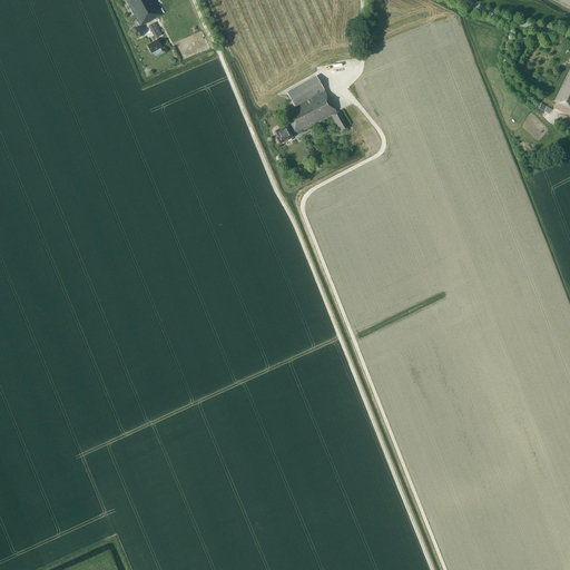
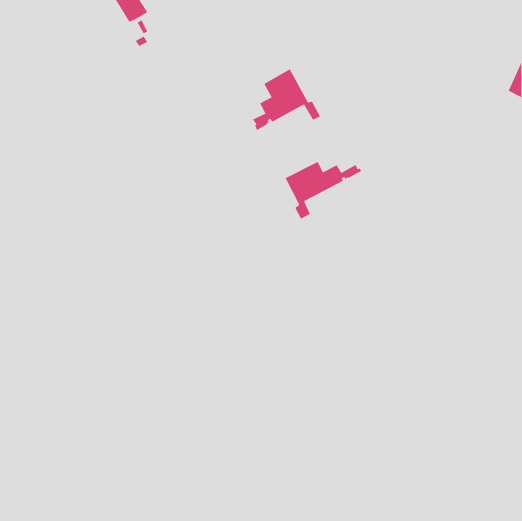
building: none -> [285,161,362,220]

